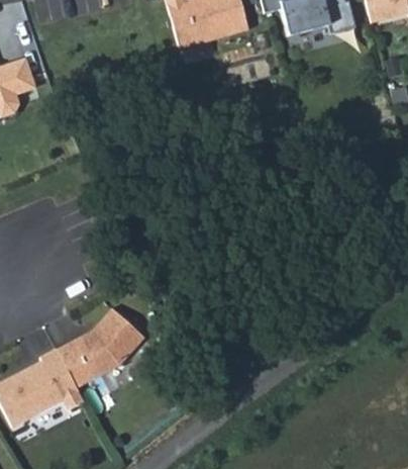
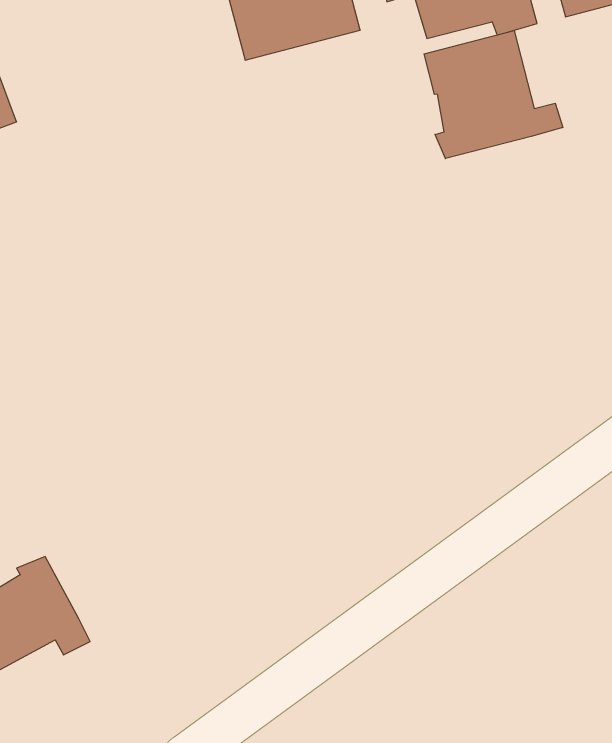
building: none -> [424,31,563,159]
building: [57,307,143,386] -> none

